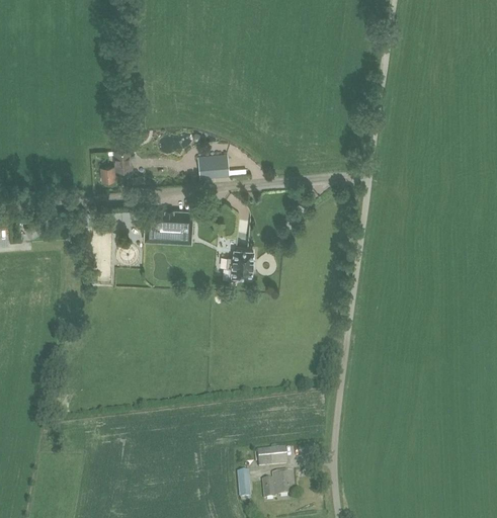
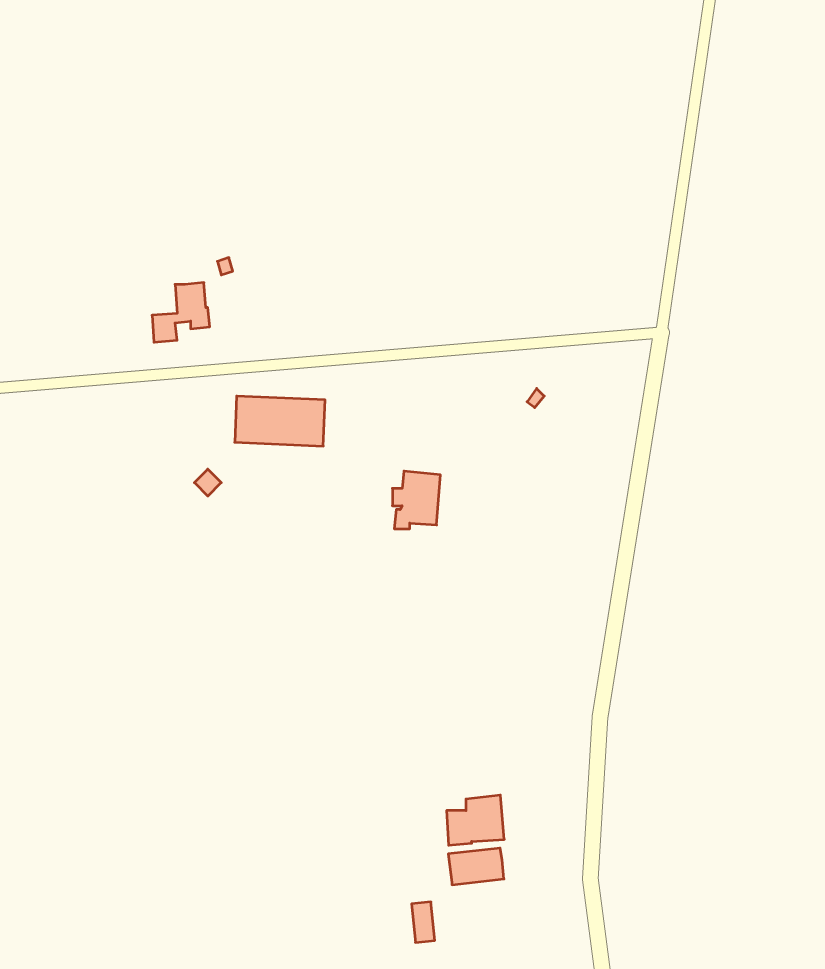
building: [198,154,228,177] -> none
building: [262,470,293,497] -> [447,795,504,845]

